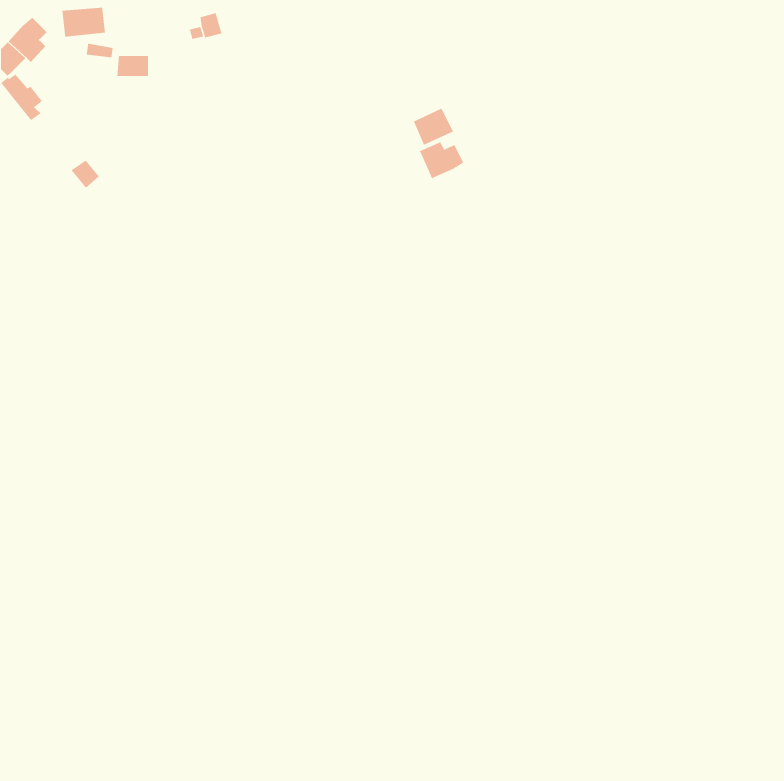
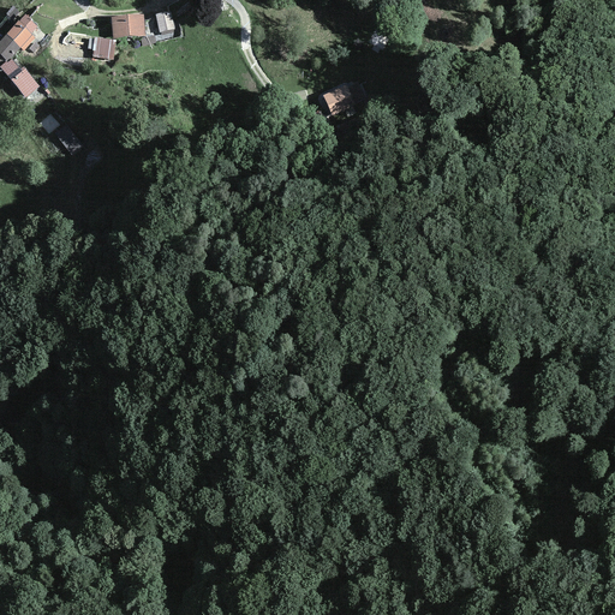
building: [61,7,106,38] -> [111,13,145,37]
building: [419,141,464,179] -> none

